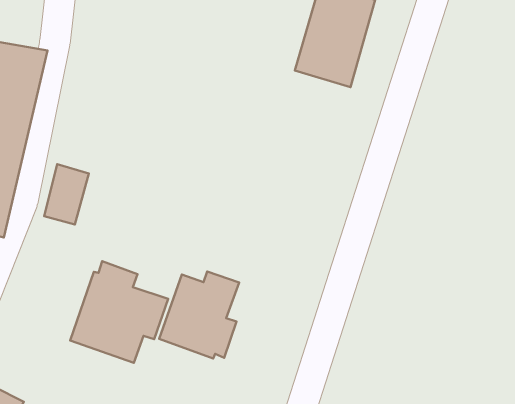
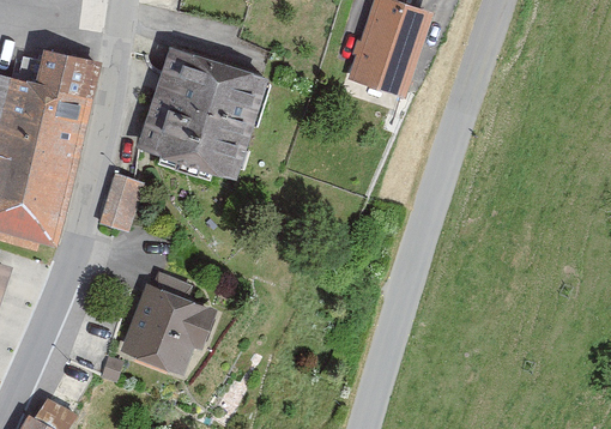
building: none -> [138,47,273,175]
building: [159,271,239,358] -> none

